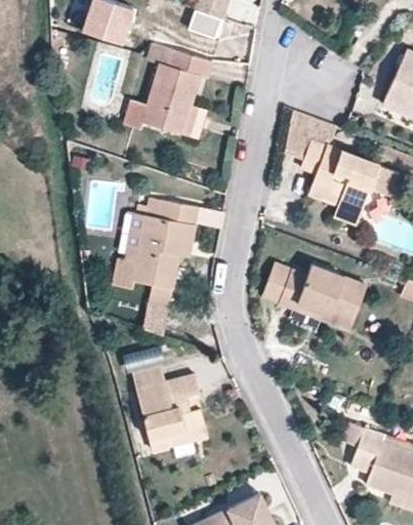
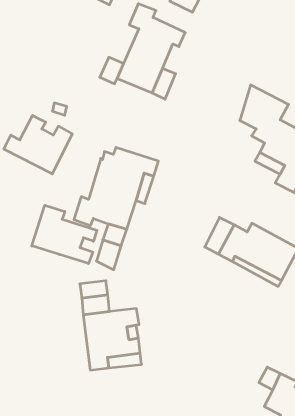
building: none -> [4,115,72,174]
building: none -> [32,205,97,264]

